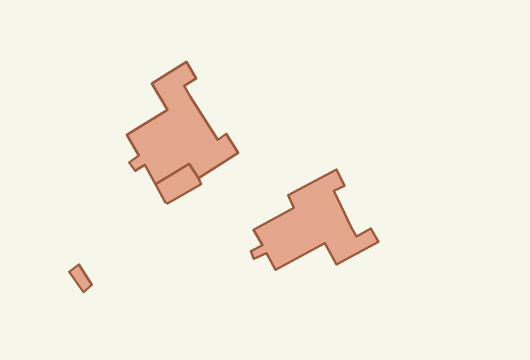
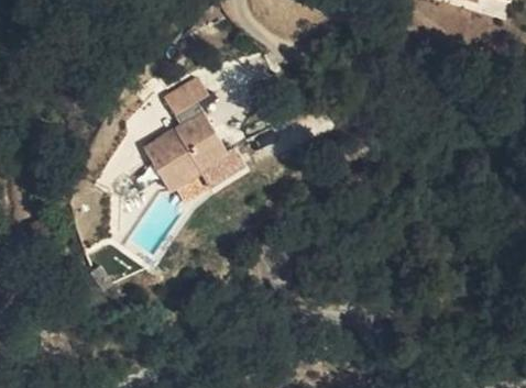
building: [251,169,379,270] -> none

